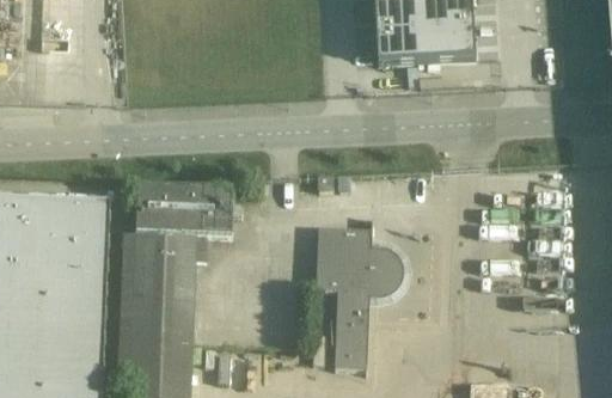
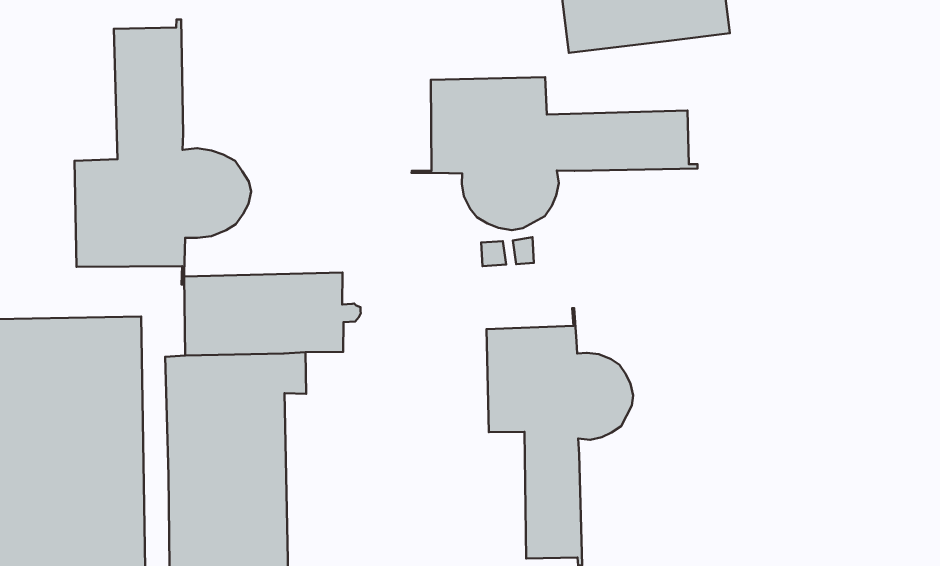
building: none -> [74,19,251,285]
building: none -> [412,77,698,230]

